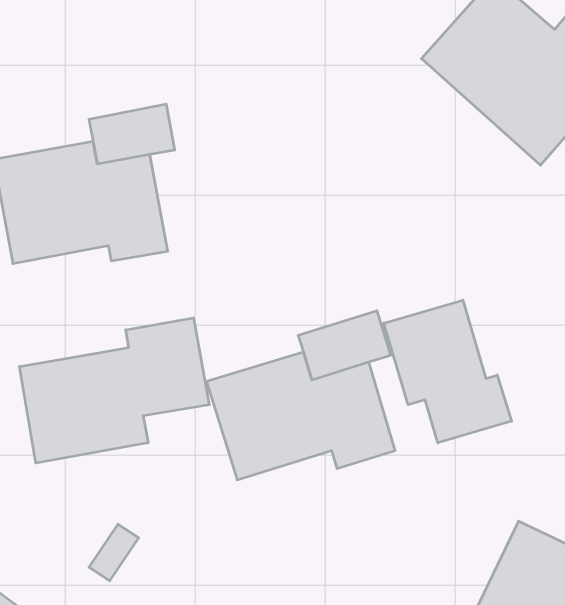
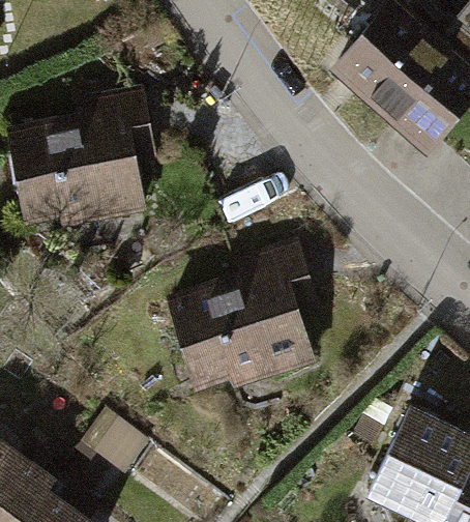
building: [384,300,512,443] -> none
building: [19,318,209,463] -> none

